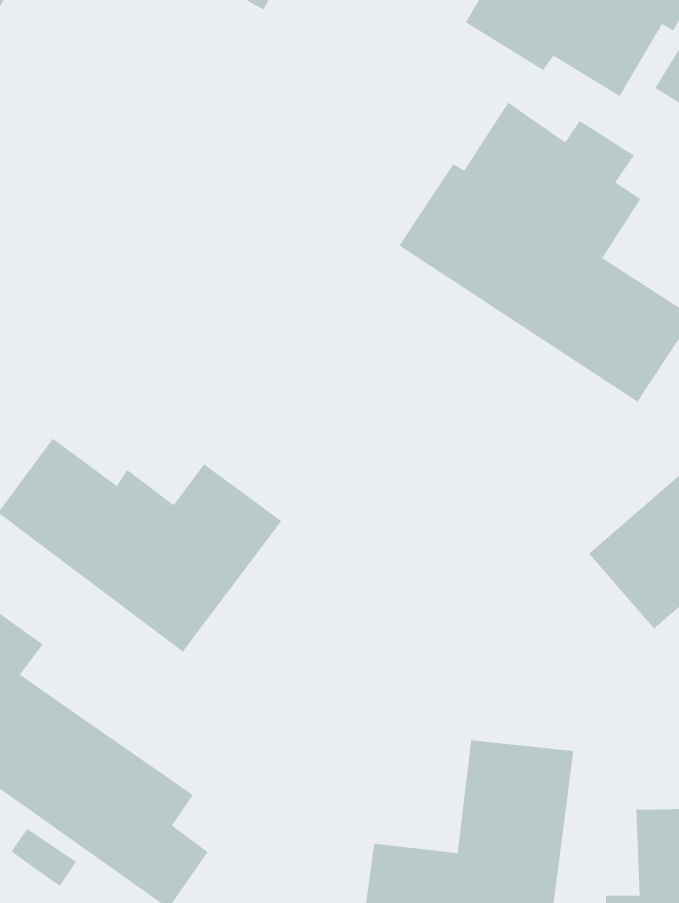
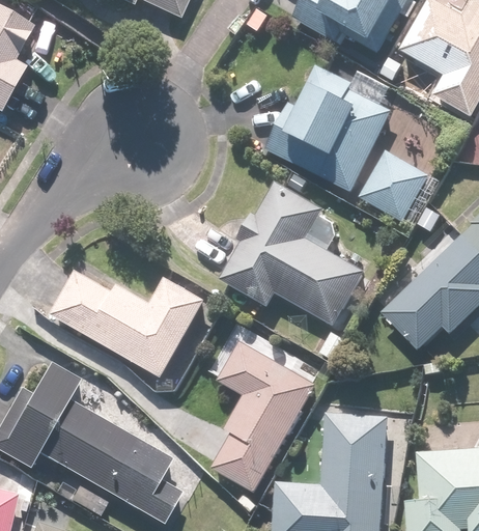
building: none -> [222,183,365,327]
building: none -> [217,340,317,495]

